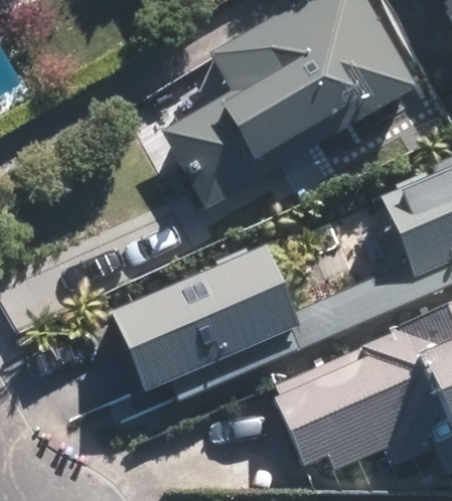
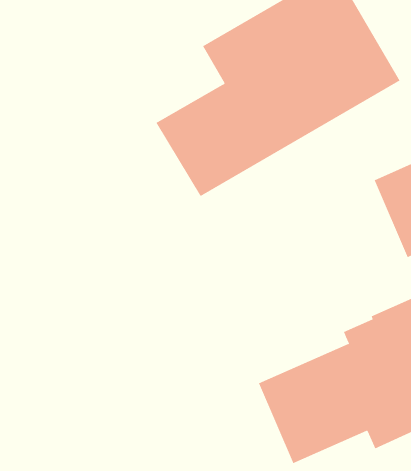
building: [113,242,303,386] -> none

